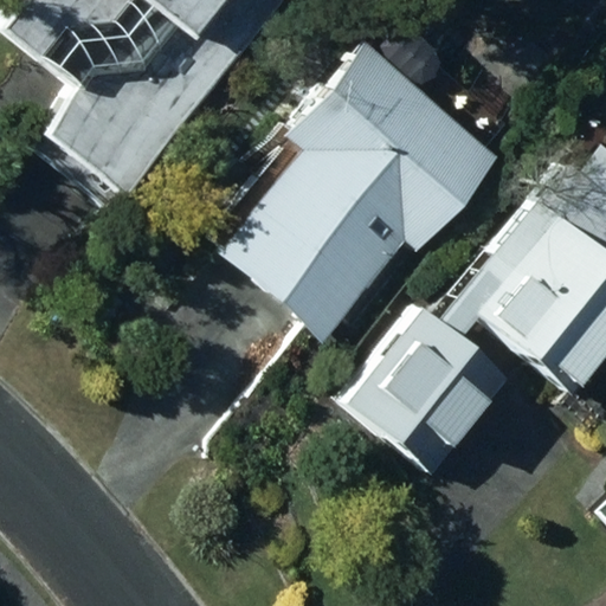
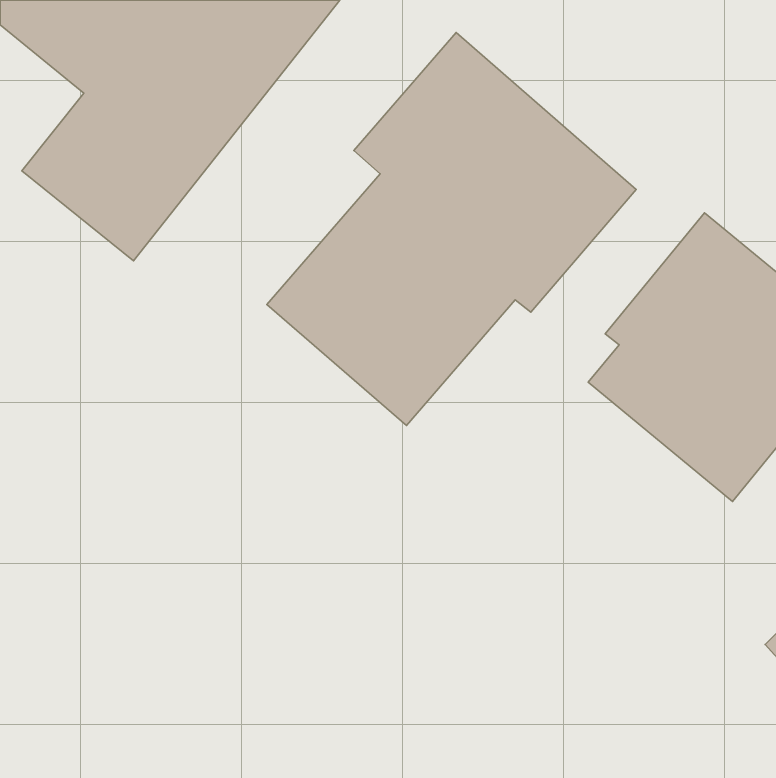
building: [362,349,485,471] -> none

